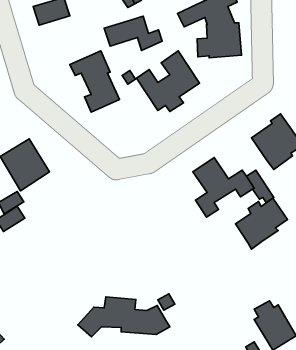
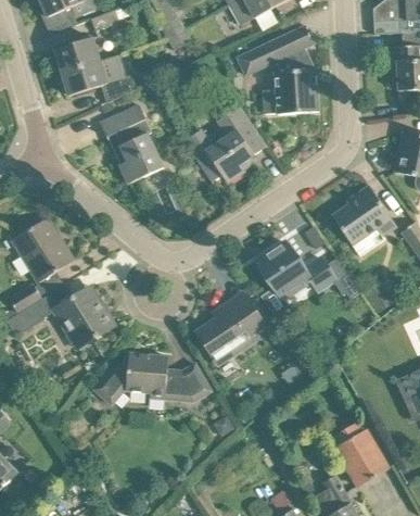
building: [104,16,162,50] -> [61,56,135,100]
building: none -> [52,286,114,345]
building: [235,198,287,249] -> [198,298,264,363]
building: [78,297,170,337] -> [93,352,211,403]

